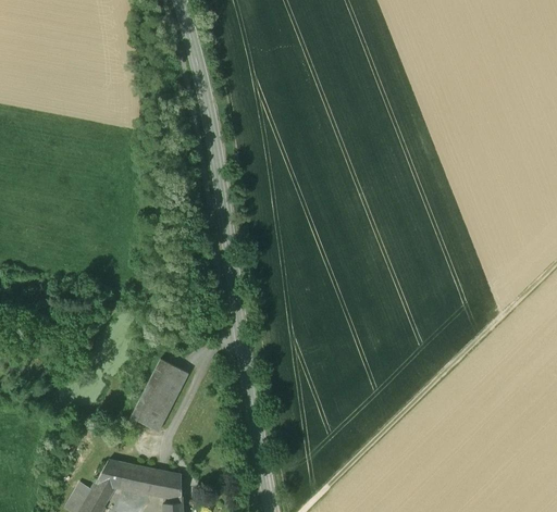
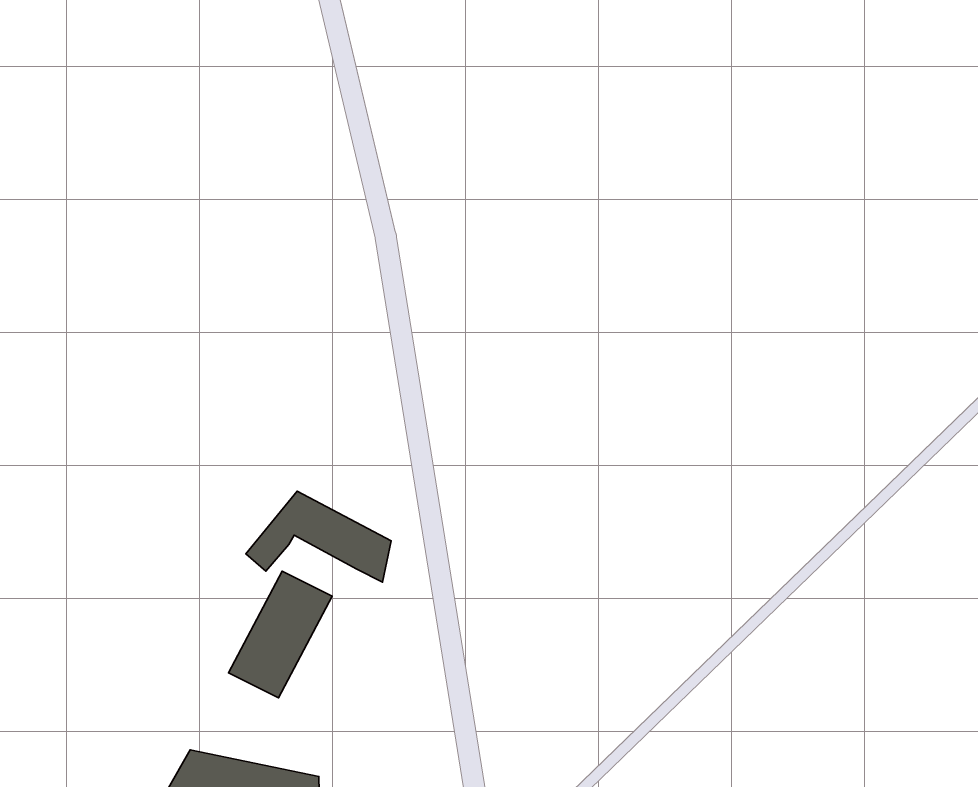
building: none -> [246,491,391,582]

